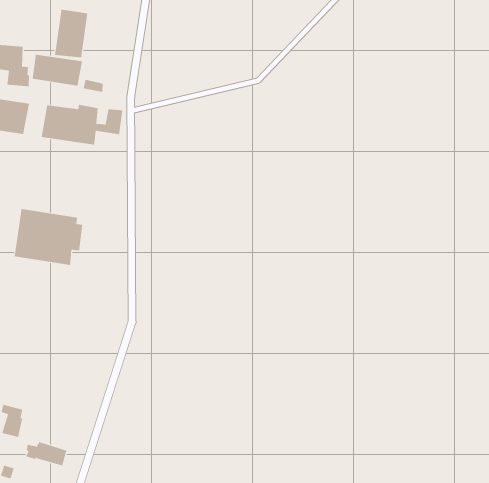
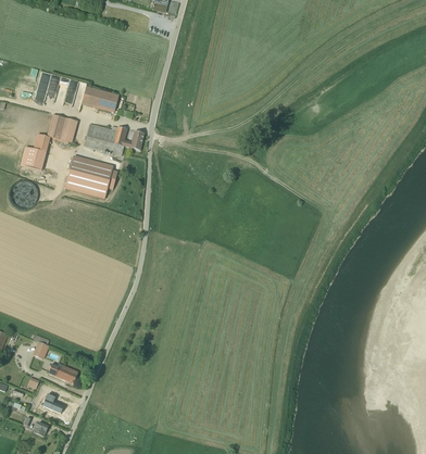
building: [54,9,88,58] -> none
building: [14,209,83,265] -> [64,154,116,199]

